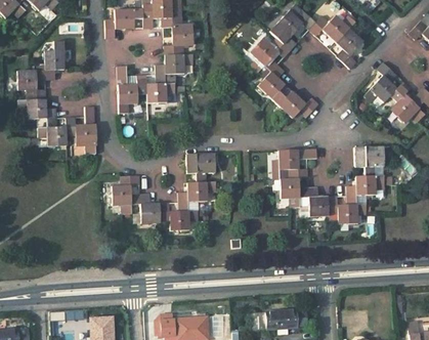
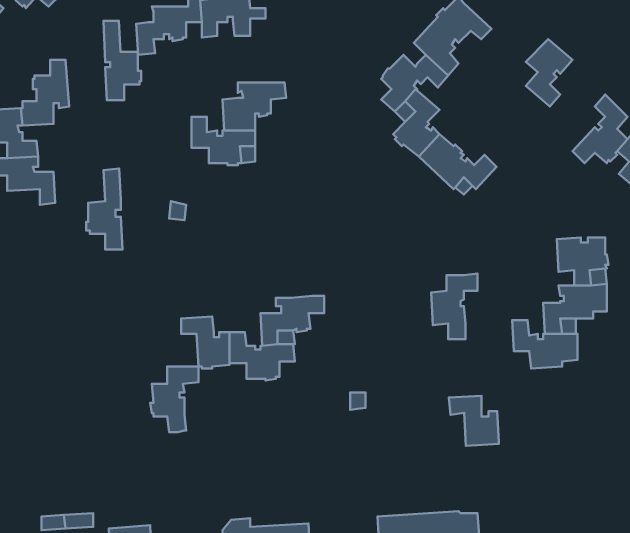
building: [164,15,194,54] -> none
building: [309,15,355,42] -> none
building: [117,66,139,113] -> [103,21,141,100]
building: [38,117,76,147] -> none
building: [278,148,316,170] -> none
building: [186,153,215,182] -> none
building: [111,175,139,214] -> [150,367,198,432]
building: [299,186,329,216] -> [449,396,499,446]

